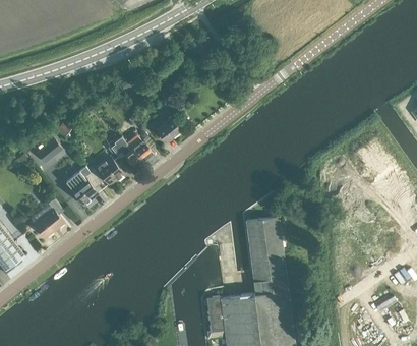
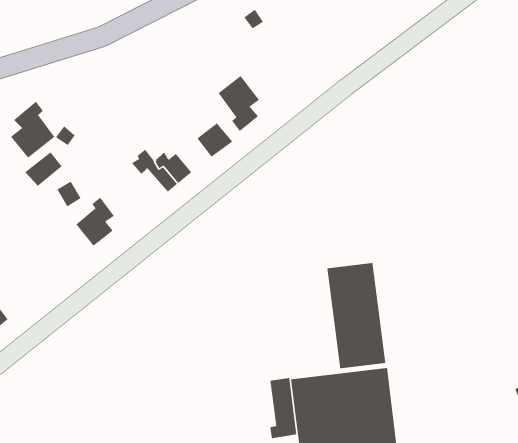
building: none -> [218,75,260,132]
building: none -> [10,101,55,159]
building: [87,159,122,186] -> none
building: [33,199,63,239] -> none

